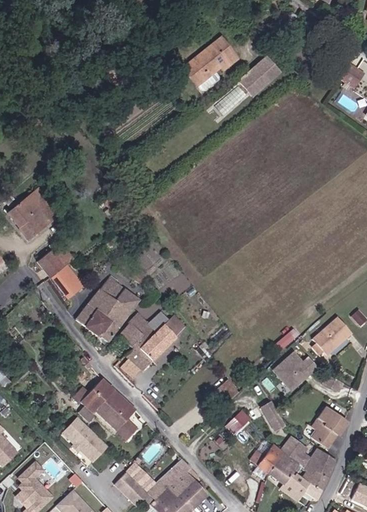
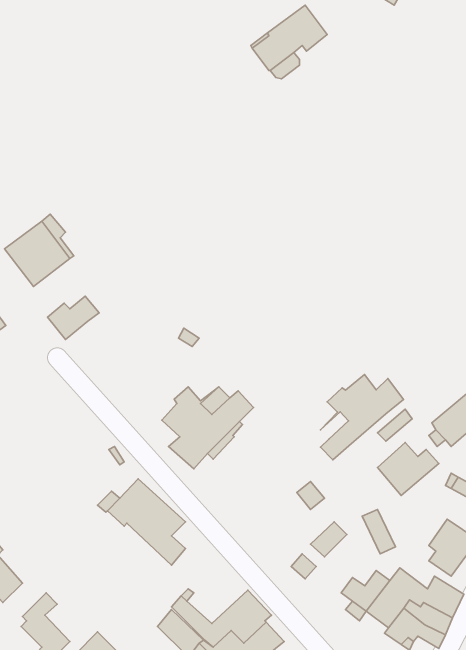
building: [241,55,286,97] -> none
building: [51,265,84,298] -> none
building: [76,278,140,342] -> none
building: none -> [320,375,403,460]
building: [63,417,108,461] -> none

